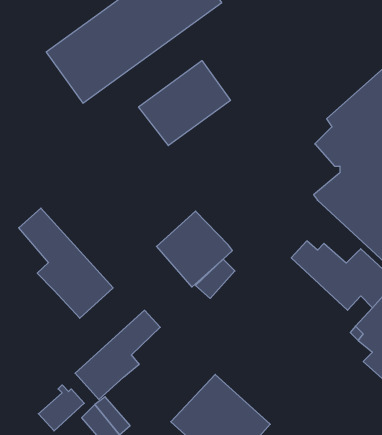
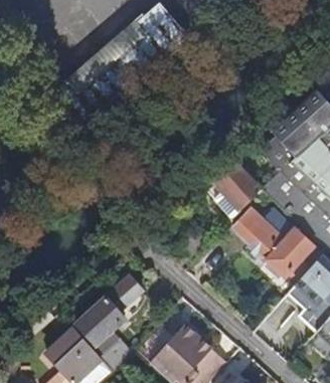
building: [139,61,230,146] -> none
building: [19,208,113,318] -> none
building: [156,211,232,287] -> [204,160,263,218]

